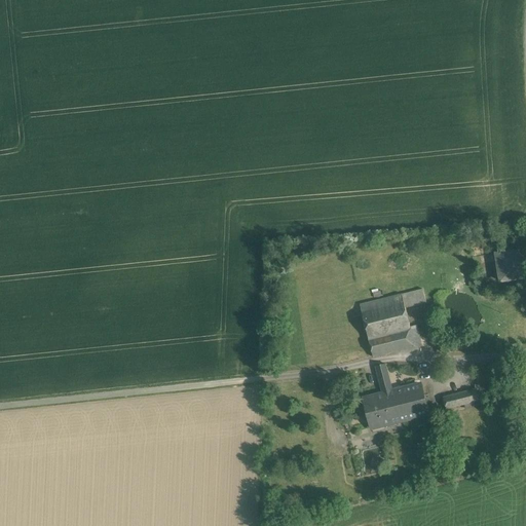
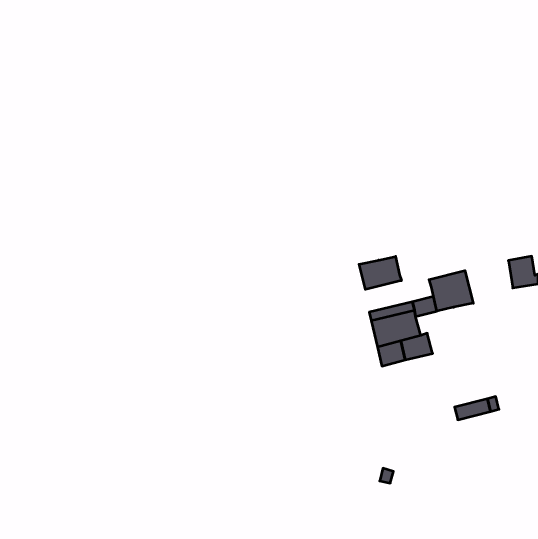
building: none -> [359,256,401,289]
building: none -> [429,271,473,311]
building: [364,364,427,427] -> none

